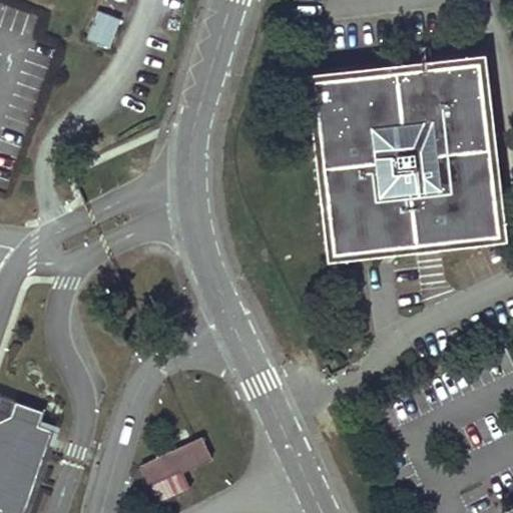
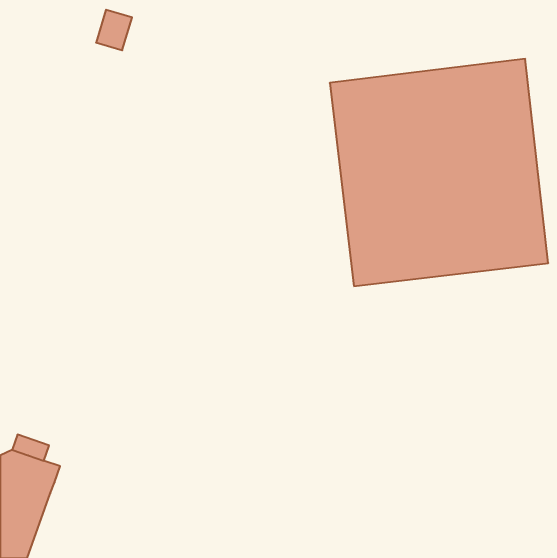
building: [145,439,210,502] -> none

